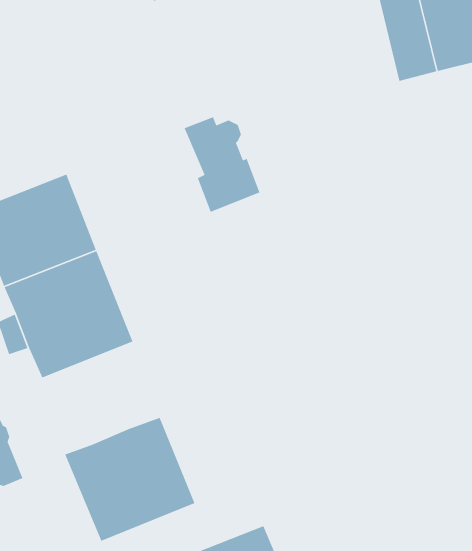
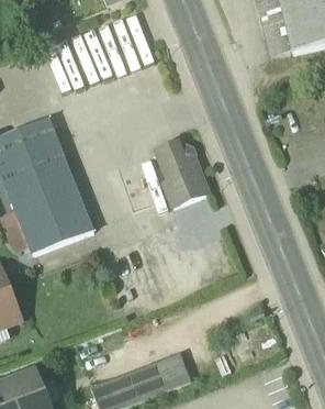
building: [184,116,260,213] -> [156,140,206,203]
building: [64,417,195,542] -> none

